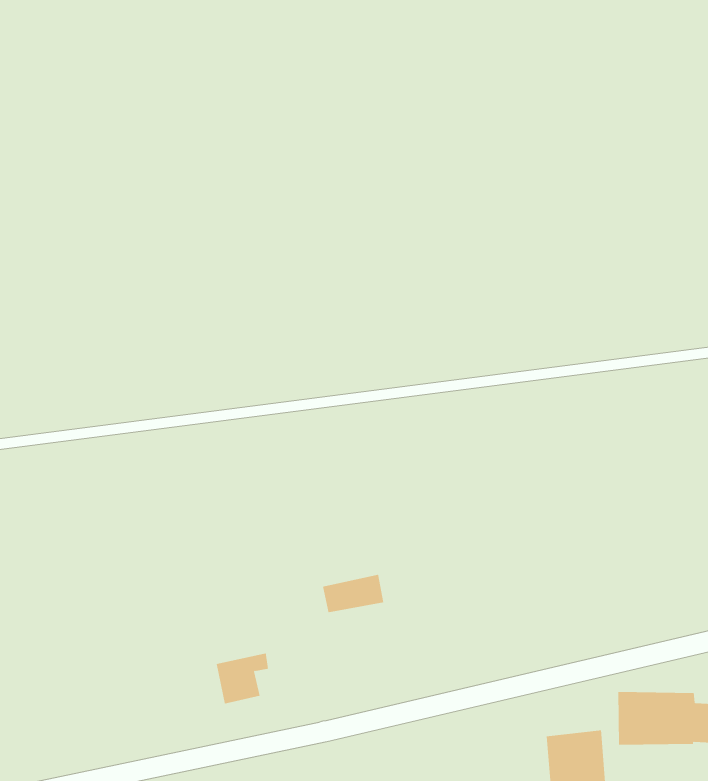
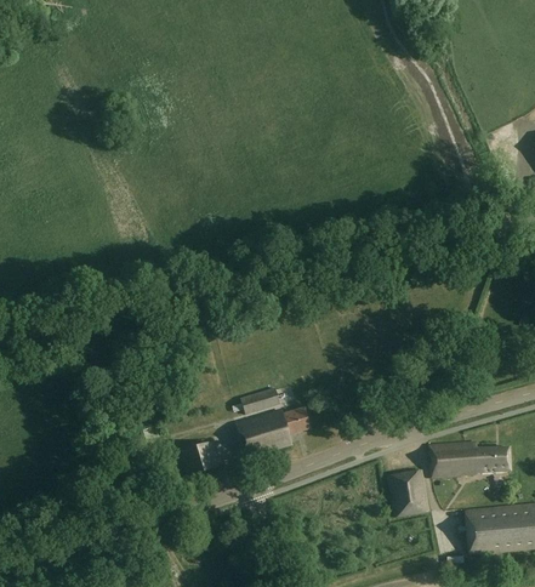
building: none -> [238,405,312,456]

